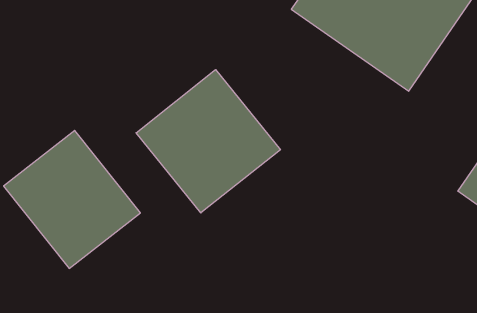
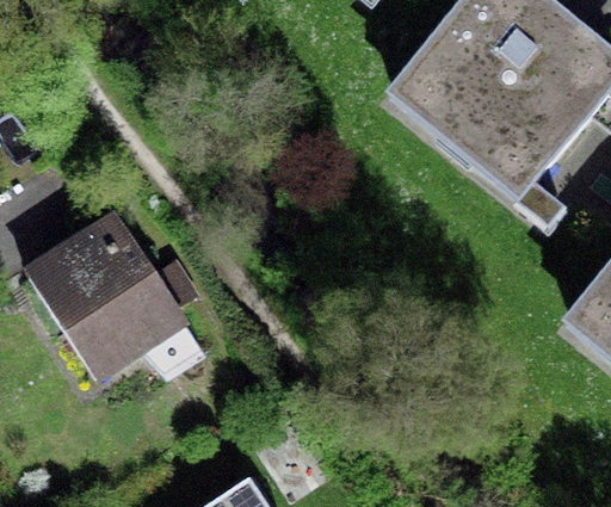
building: [136,70,280,213] -> none

